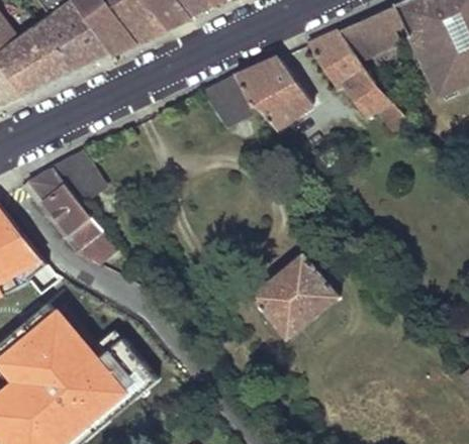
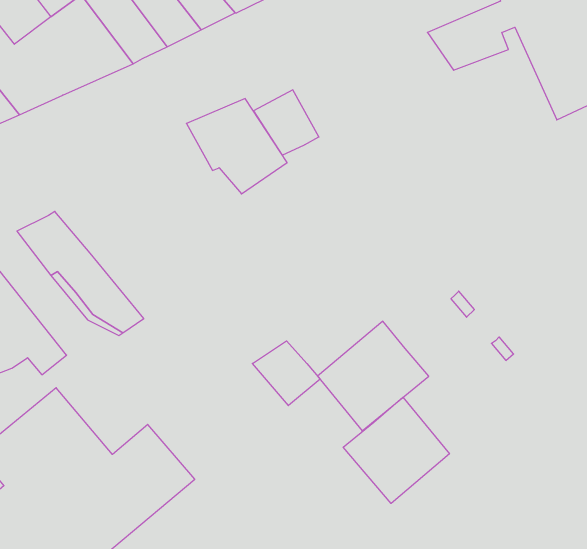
building: [307,29,406,128] -> none
building: [233,54,311,128] -> [186,99,287,194]
building: [50,150,103,200] -> none
building: none -> [252,341,320,406]
building: none -> [343,397,449,503]

